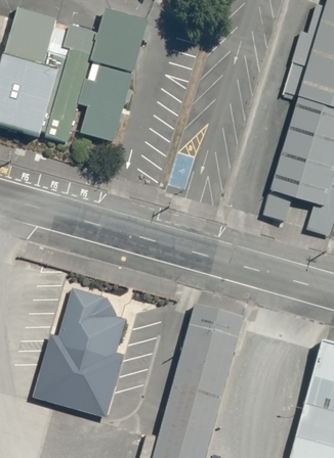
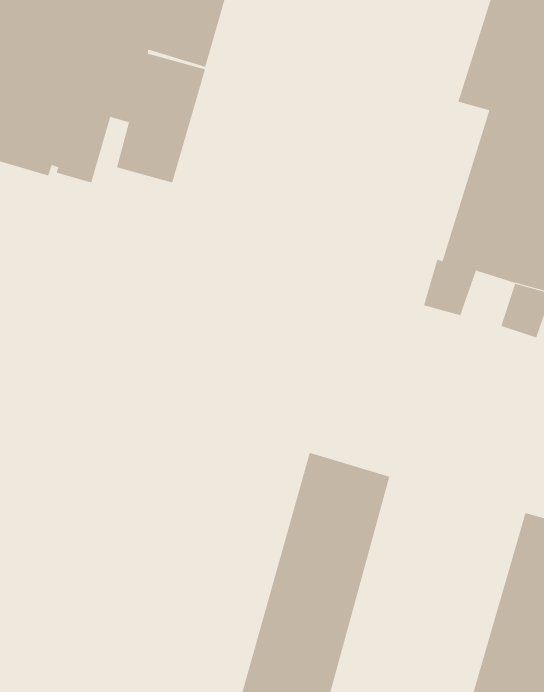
building: [32,287,124,420] -> none

